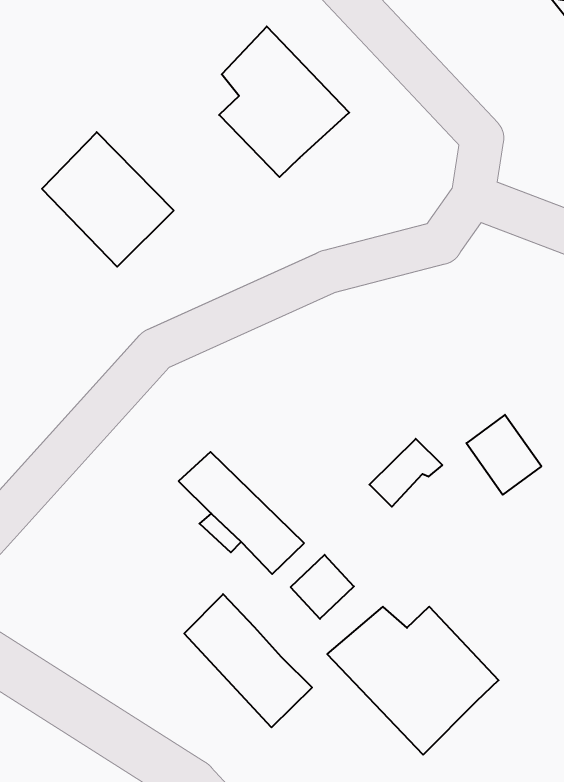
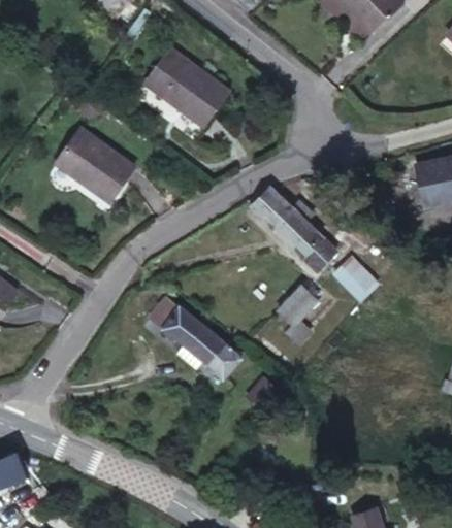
building: none -> [250,189,334,270]
building: [184,594,312,727] -> none
building: [327,607,499,755] -> none

